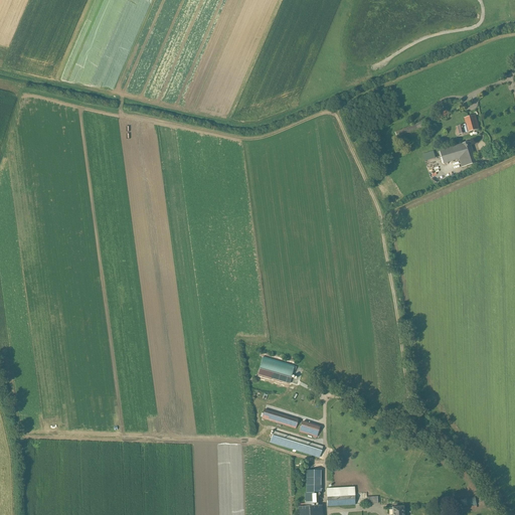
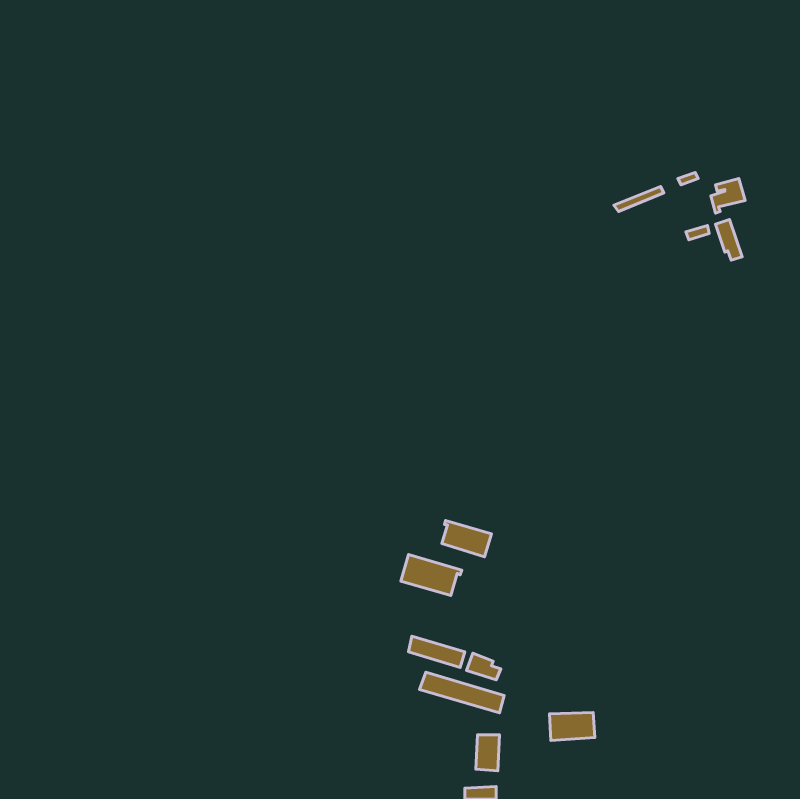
building: none -> [442,520,491,557]
building: [327,488,356,506] -> [549,712,595,741]

